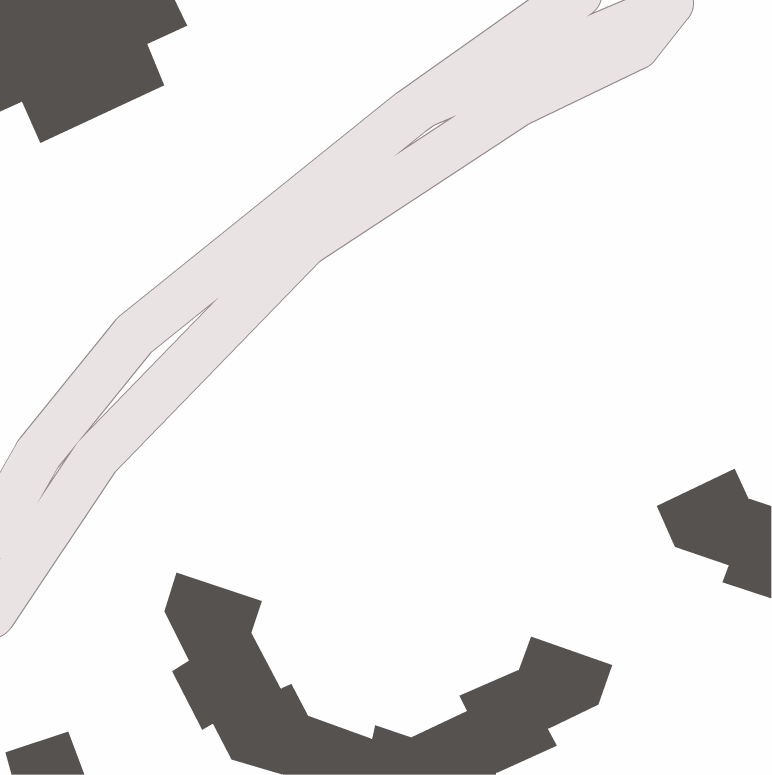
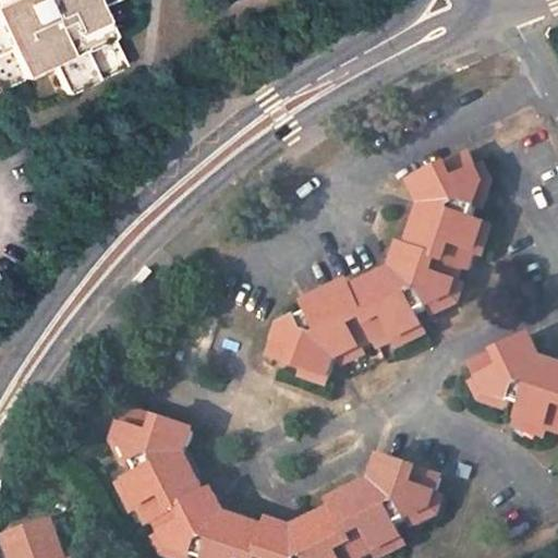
building: none -> [262,153,478,383]

